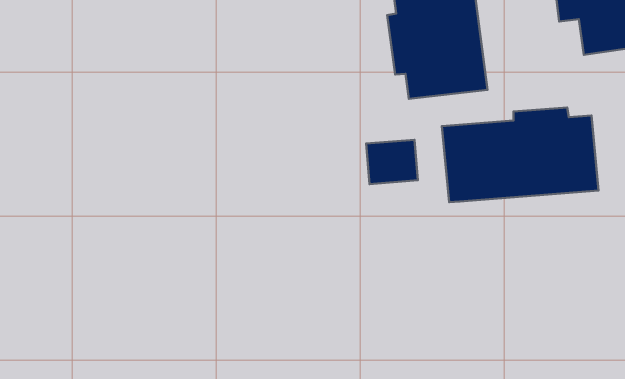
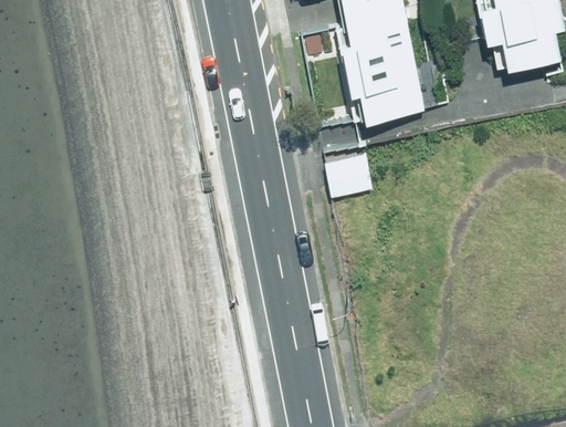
building: [442,107,598,202] -> none

